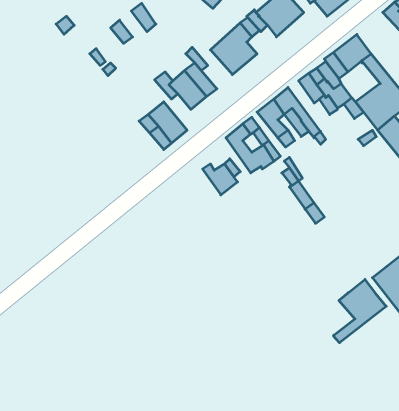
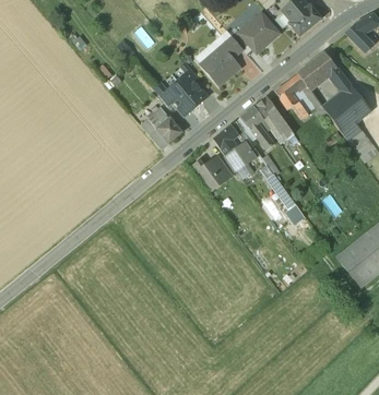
building: [334,279,386,343] -> none

